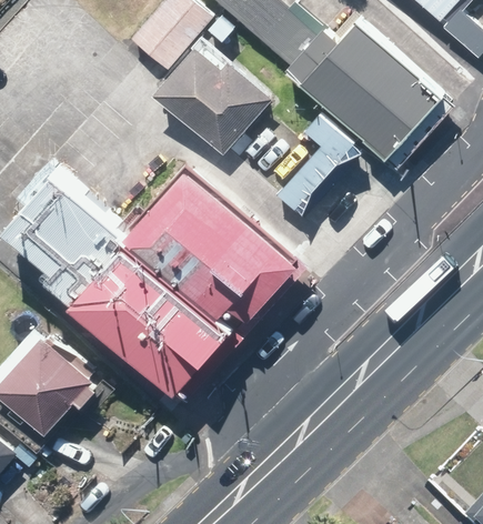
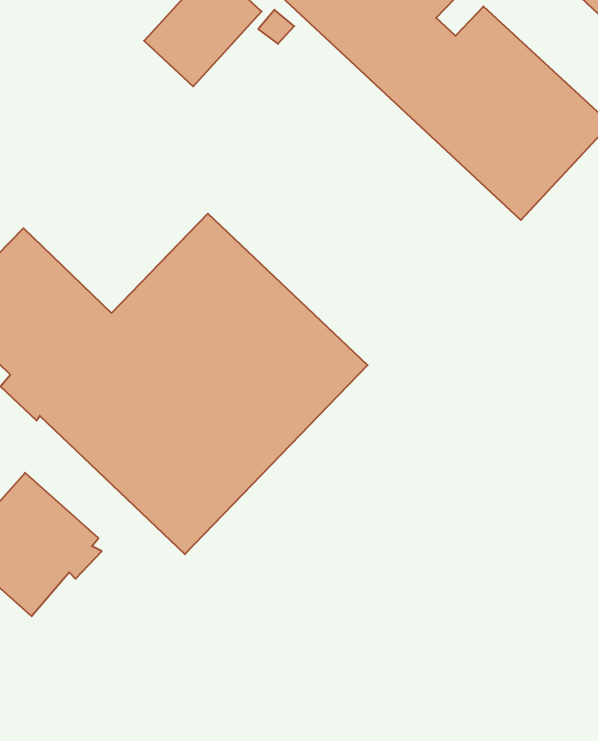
building: [160,50,275,159] -> none
building: [278,120,354,214] -> none

